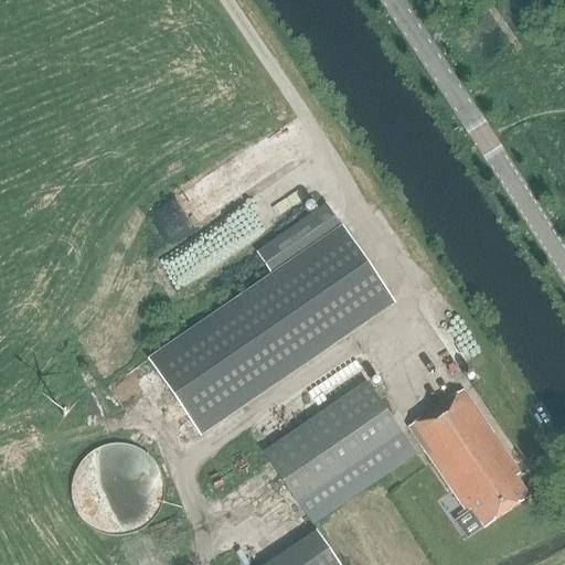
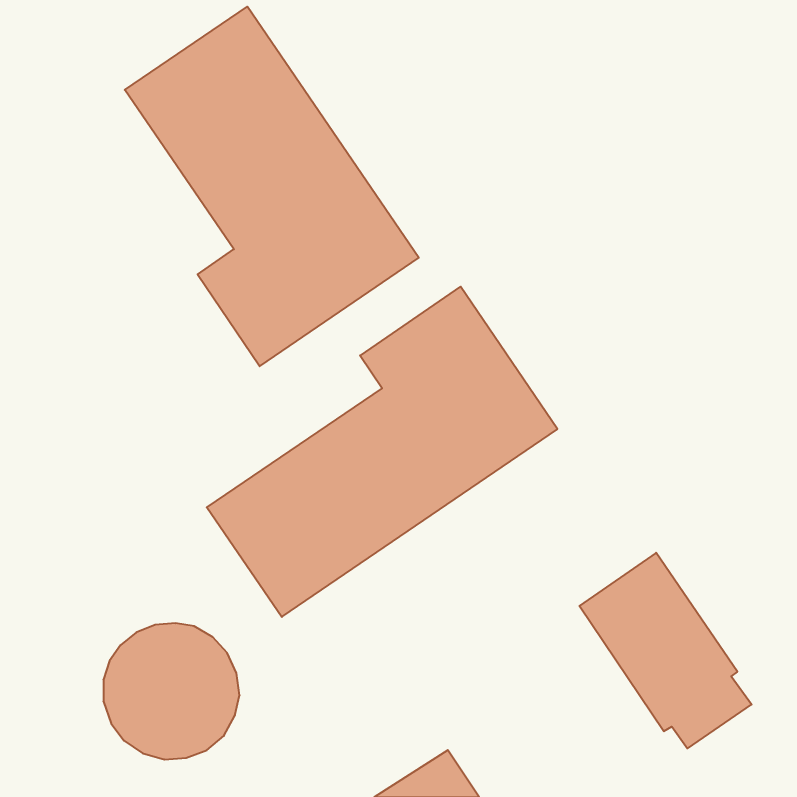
building: none -> [125,7,419,366]
building: [263,381,416,523] -> none

